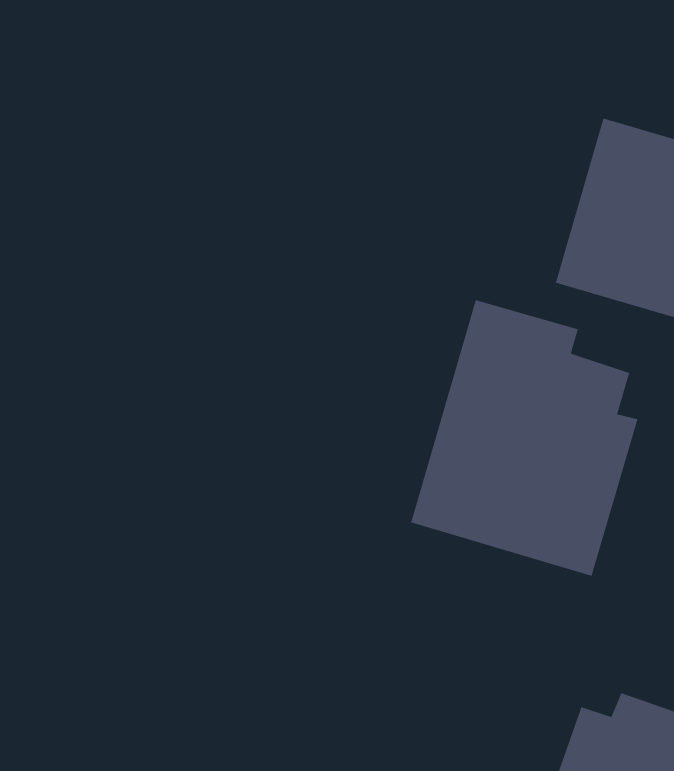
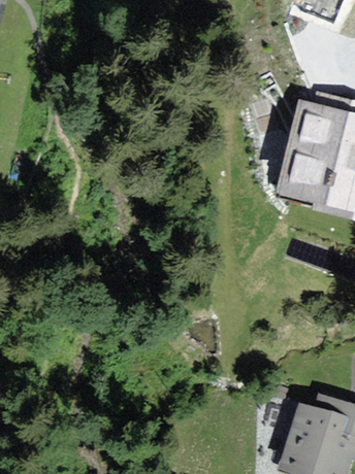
building: [410,299,638,577] -> none

